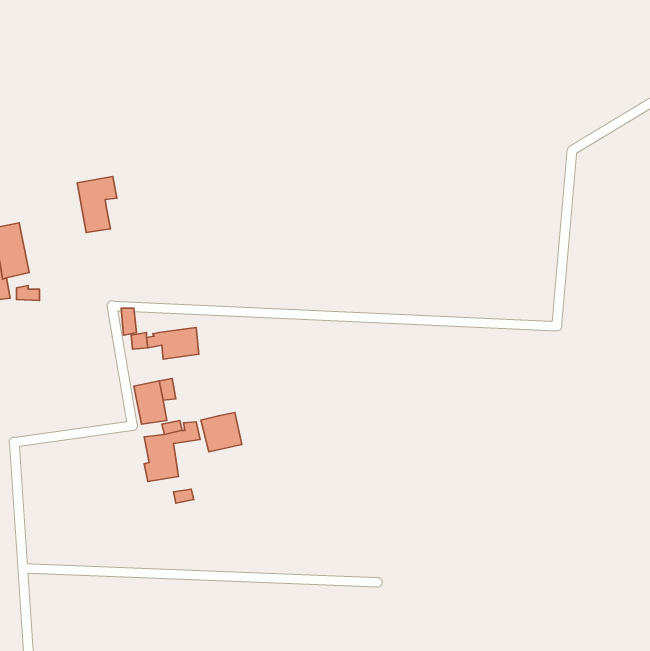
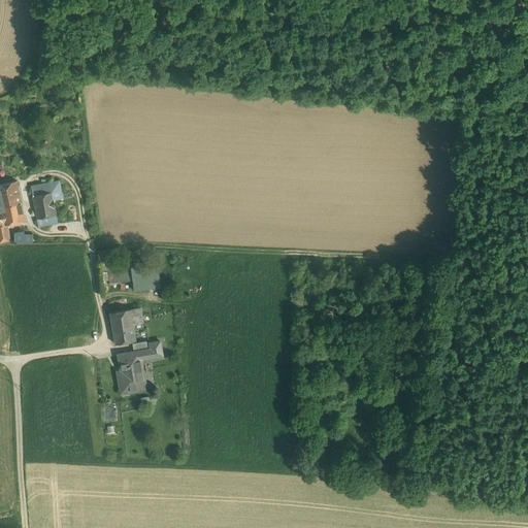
building: [77,177,117,233] -> [30,182,62,227]
building: [201,412,242,452] -> none

